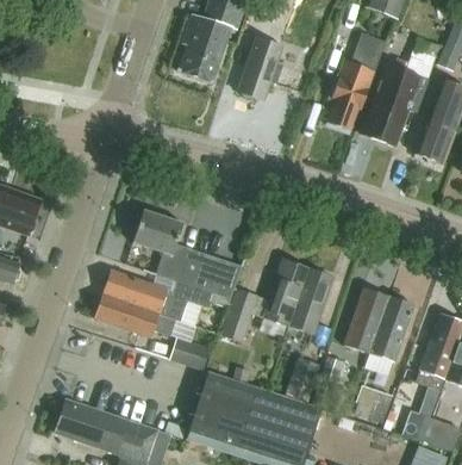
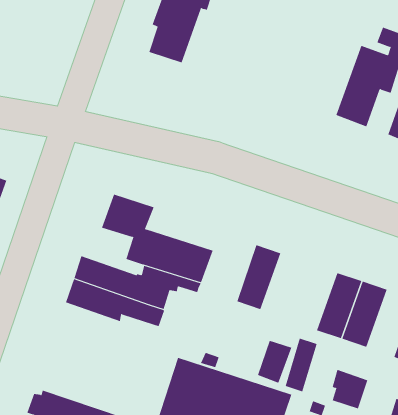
building: [329,33,385,130] -> none
building: [238,38,283,101] -> none
building: [289,269,333,334] -> none
building: [223,289,258,342] -> none
building: [167,337,206,370] -> none

